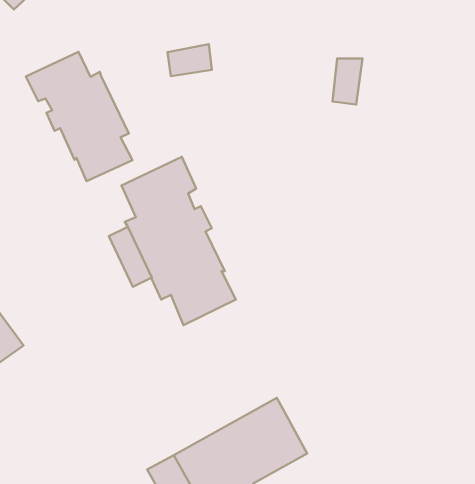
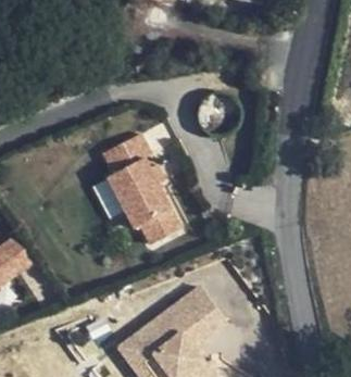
building: [26,52,132,181] -> none

